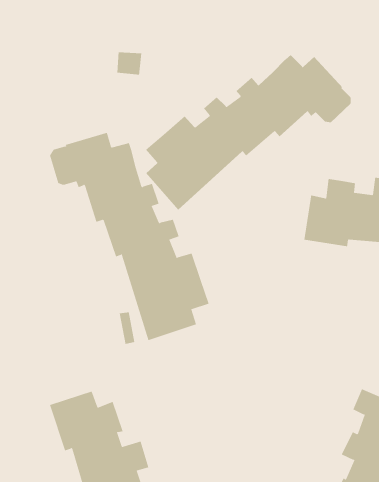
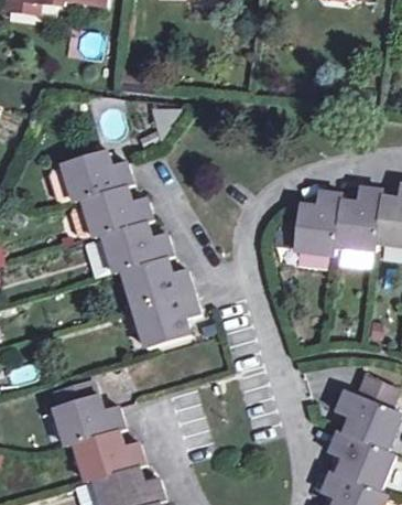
building: [145,54,351,210] -> none

